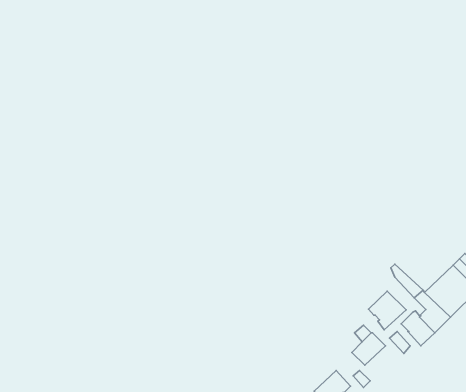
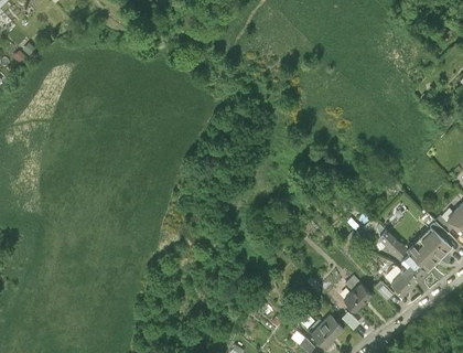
building: [368,291,406,330] -> none

